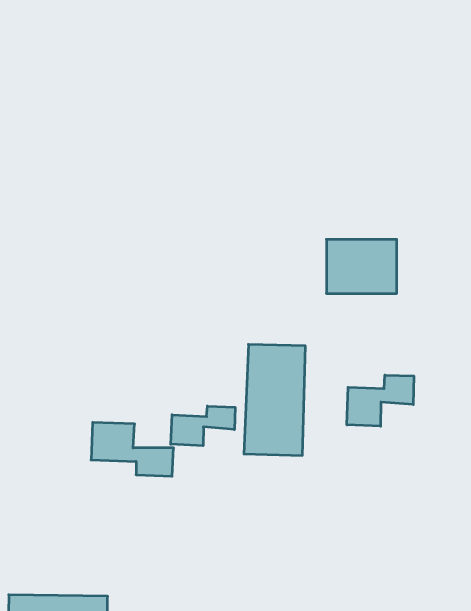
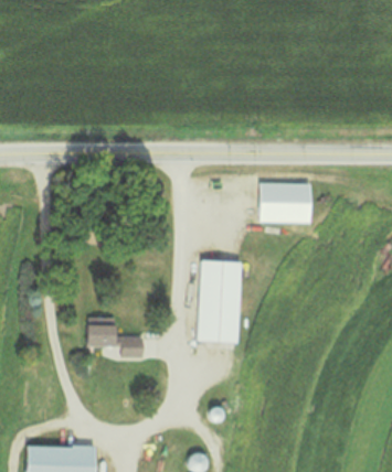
building: [347,375,414,426] -> none
building: [171,406,235,446] -> none

